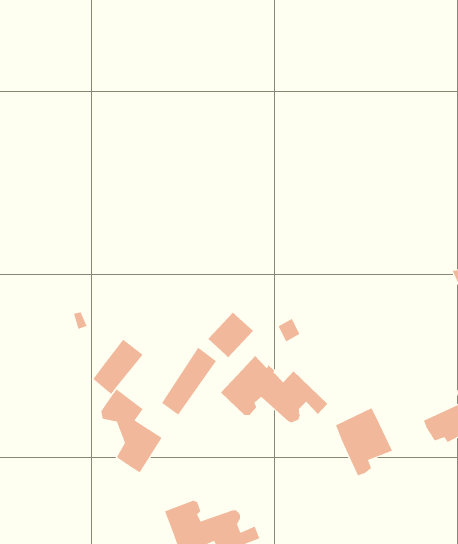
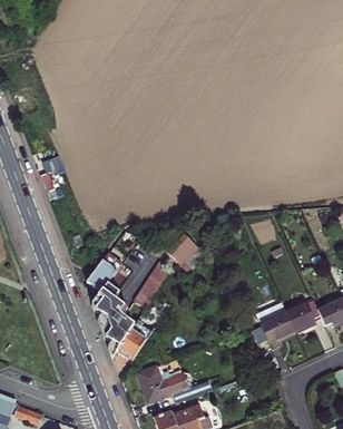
building: [220,355,328,423] -> none
building: none -> [287,300,320,331]
building: none -> [117,319,151,361]

